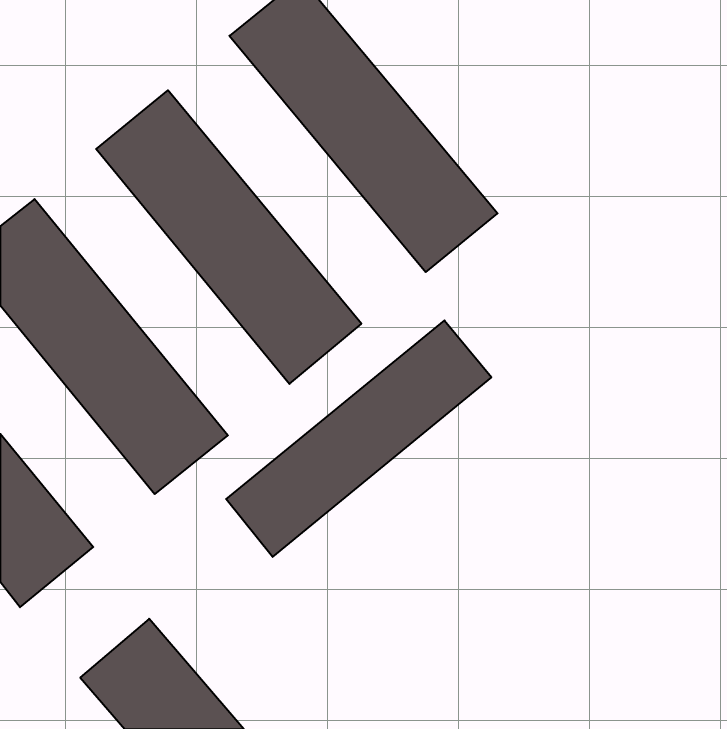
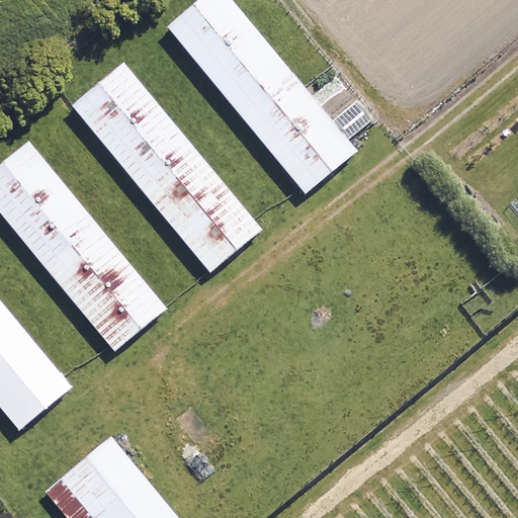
building: [226,320,491,557] -> none

